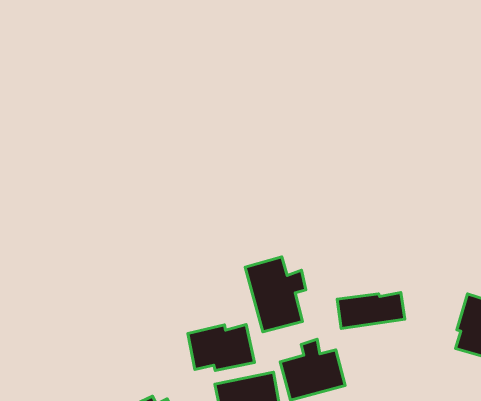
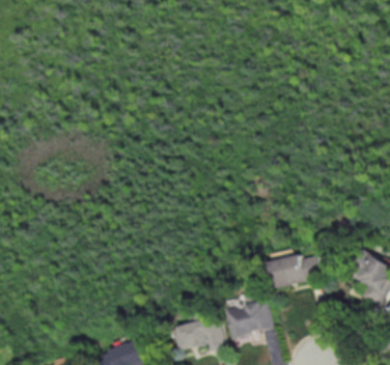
building: [245,257,306,332] -> none
building: [188,325,254,370] -> none

